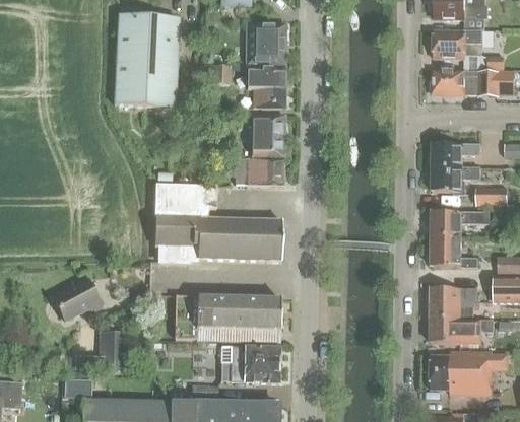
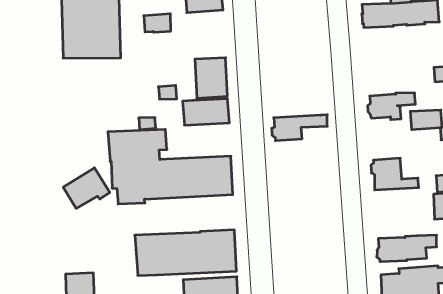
building: [242,66,284,107] -> none
building: [431,142,480,166] -> none
building: [430,210,490,234] -> [272,115,327,141]
building: [52,277,101,319] -> [63,168,110,208]
building: [430,286,477,319] -> none

